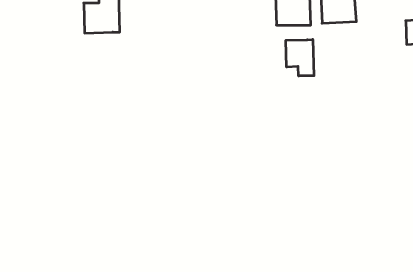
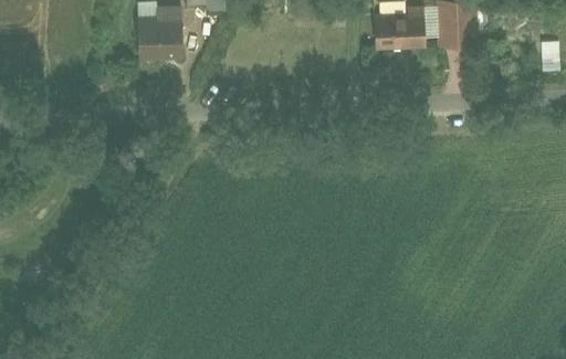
building: [286,39,314,76] -> none

